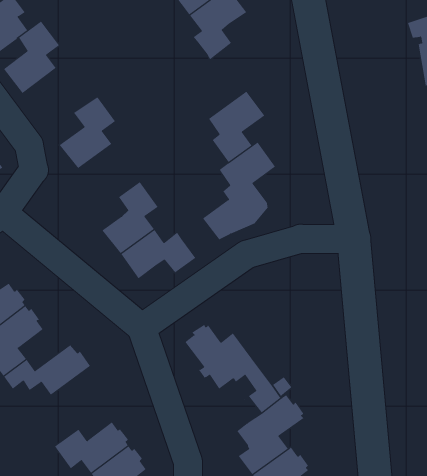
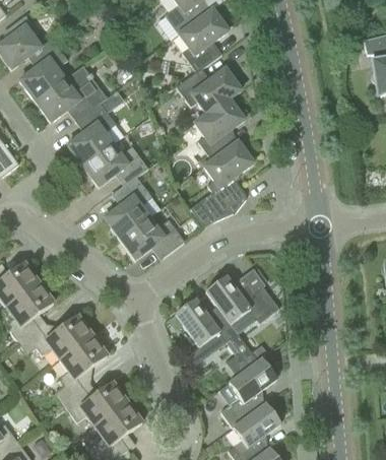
building: none -> [36,65,108,122]
building: none -> [177,69,241,115]
building: none -> [83,144,148,187]
building: none -> [206,268,279,334]
building: none -> [55,334,108,403]

